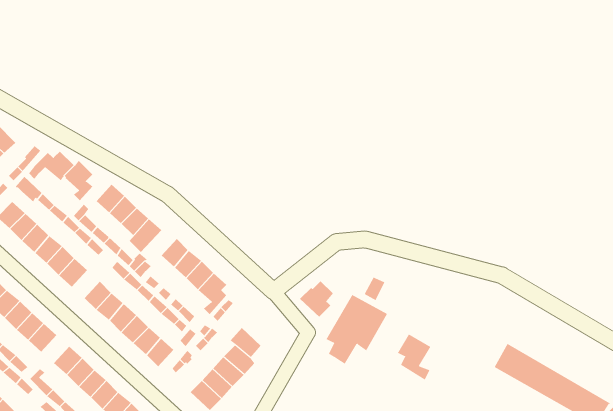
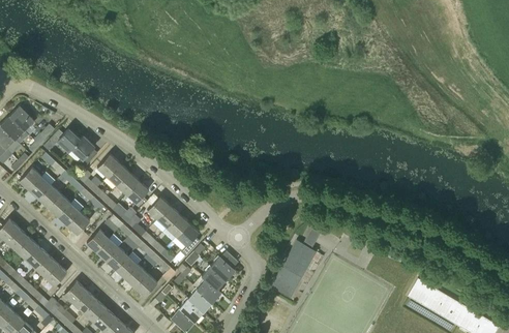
building: [299,280,334,318] -> [211,251,238,280]
building: [397,334,431,380] -> none

